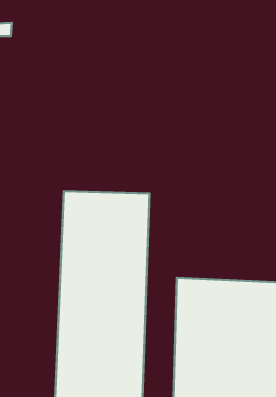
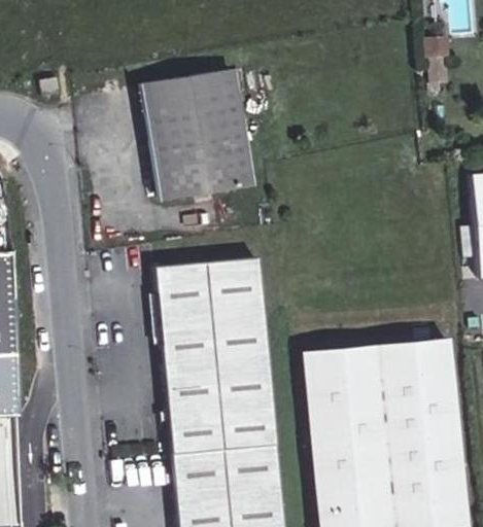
building: none -> [141,68,250,199]

